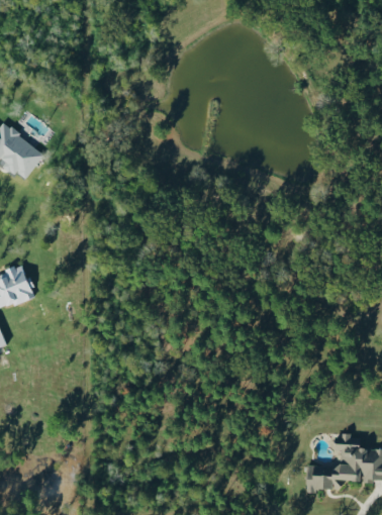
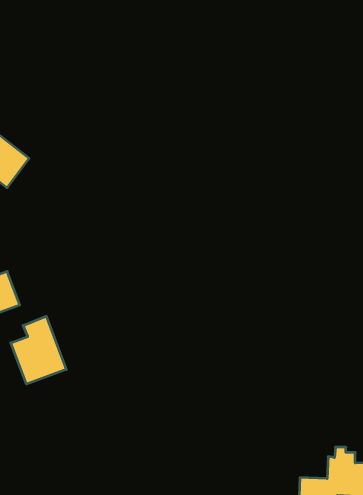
building: none -> [11,316,66,384]

